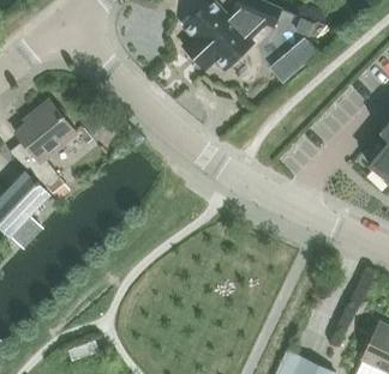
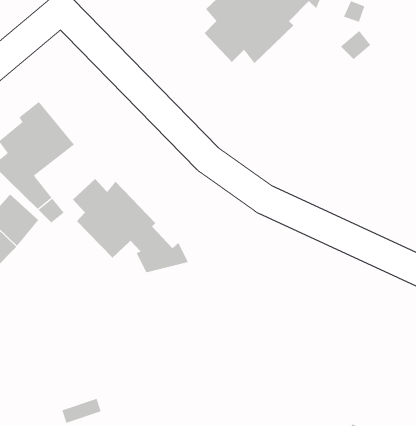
building: none -> [72,178,189,273]

